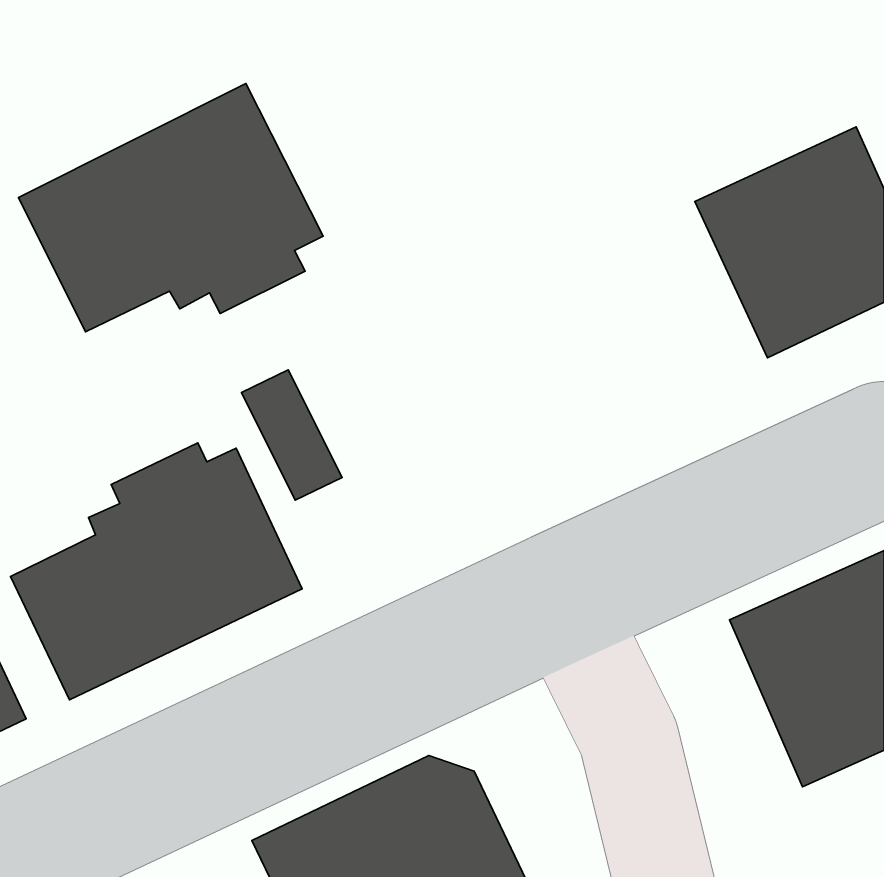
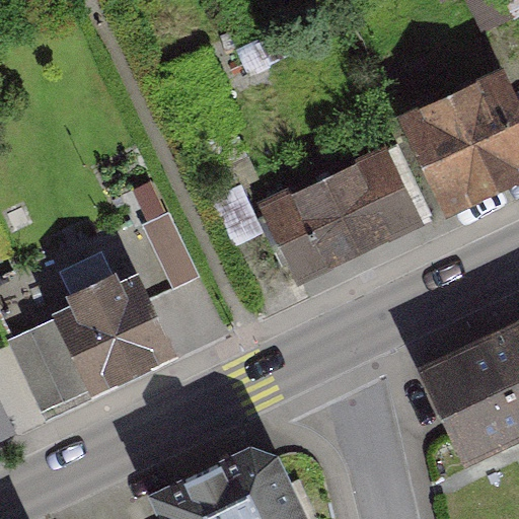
building: [18,84,323,332] -> none
building: none -> [258,145,424,285]

